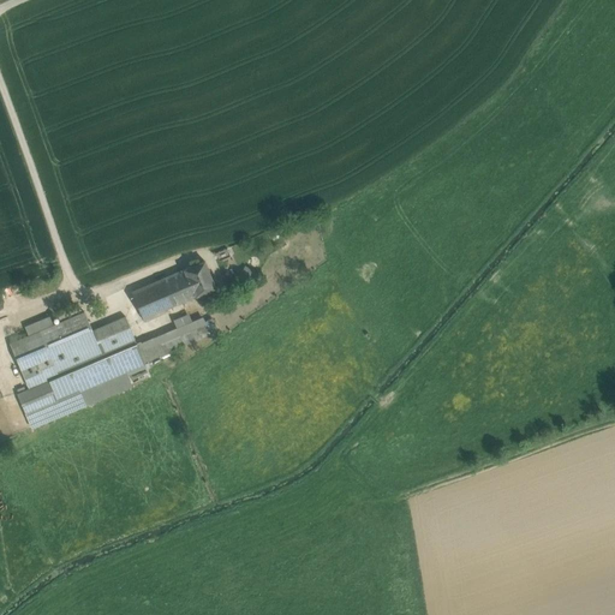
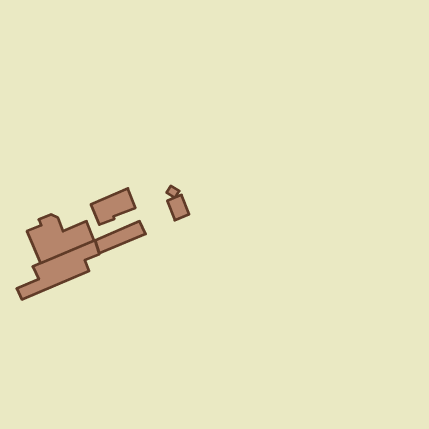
building: [183,262,214,298] -> [167,195,189,220]
building: [8,332,58,413] -> none

